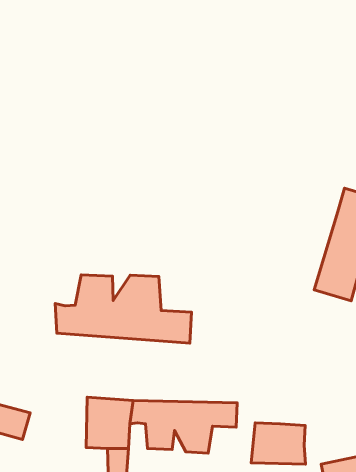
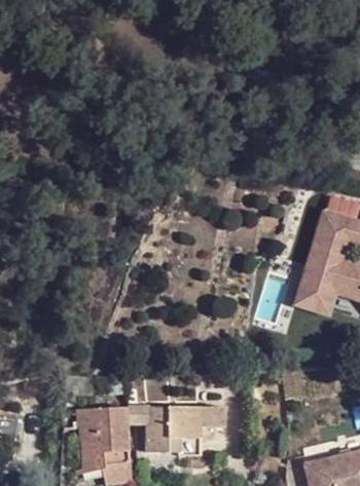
building: [55,275,191,343] -> none
building: [251,423,306,464] -> none

